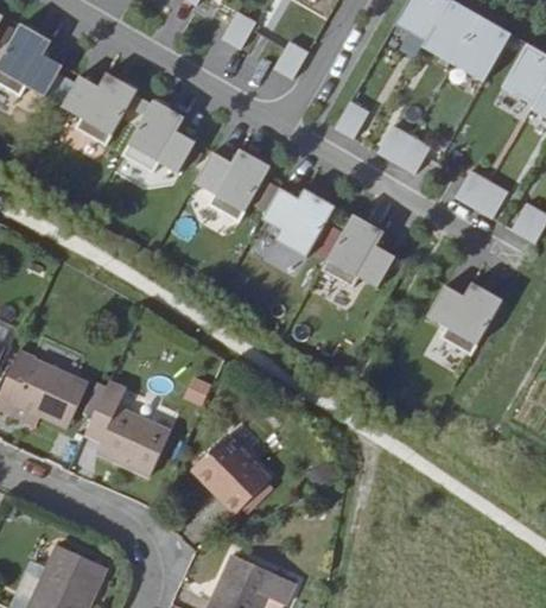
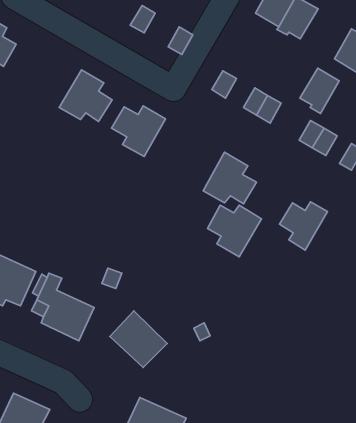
building: [456,17,510,80] -> [300,68,339,114]
building: [62,74,134,144] -> none
building: [261,188,336,259] -> [207,205,261,257]

